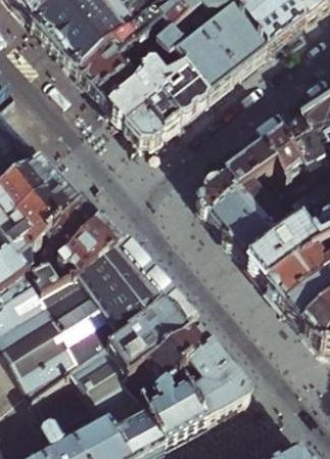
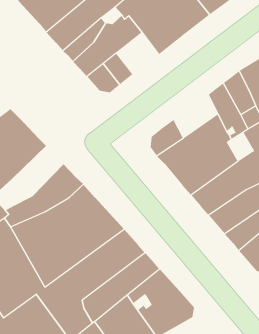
building: [159,68,208,117] -> none
building: [226,140,277,190] -> none
building: [32,199,98,270] -> none

